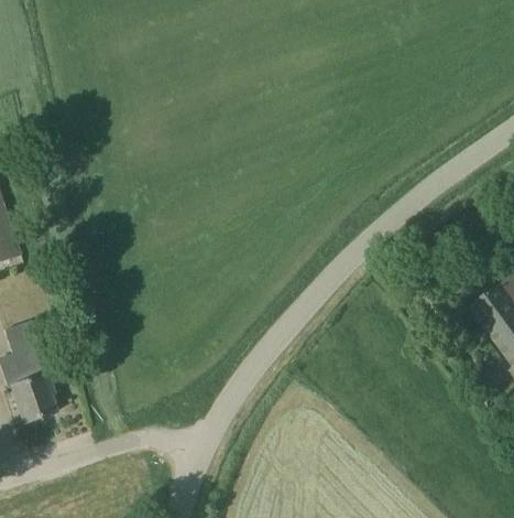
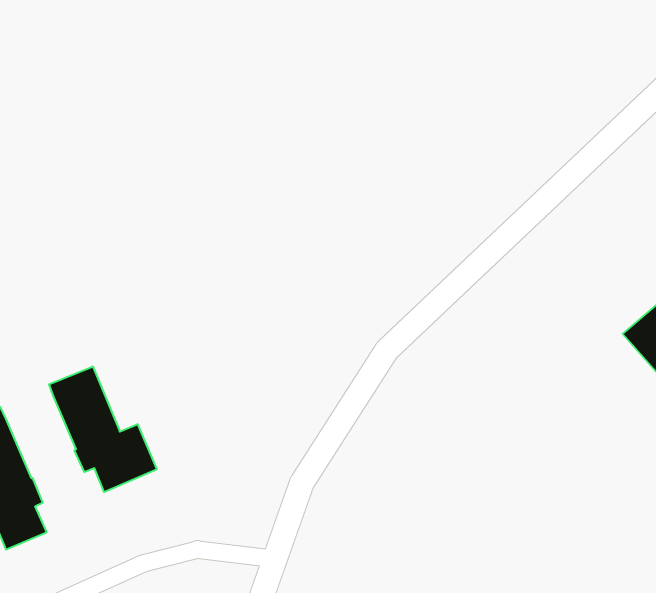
building: none -> [49,366,157,492]

